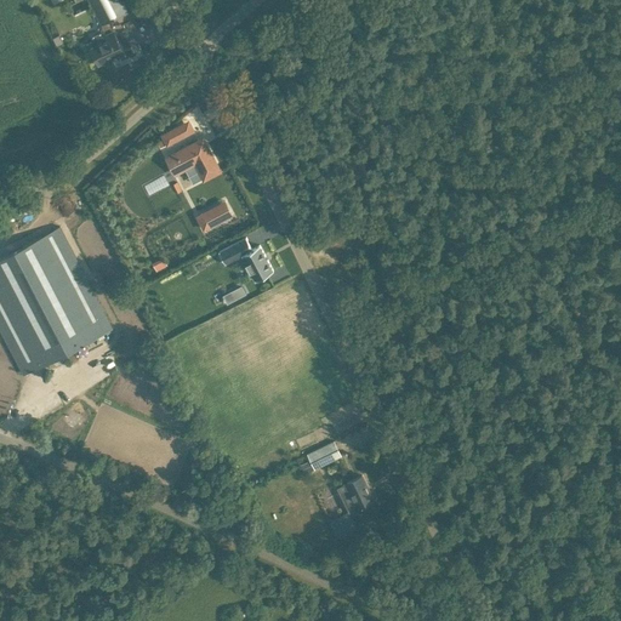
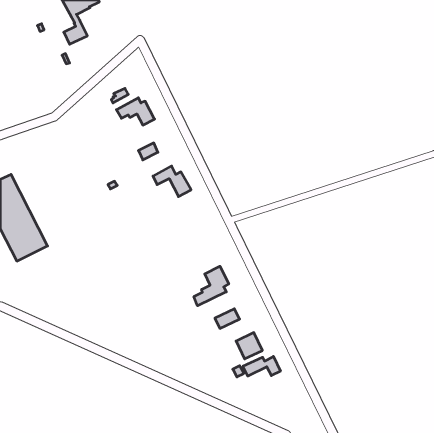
building: [16,228,113,353] -> none
building: none -> [194,266,229,306]
building: none -> [243,356,280,376]

